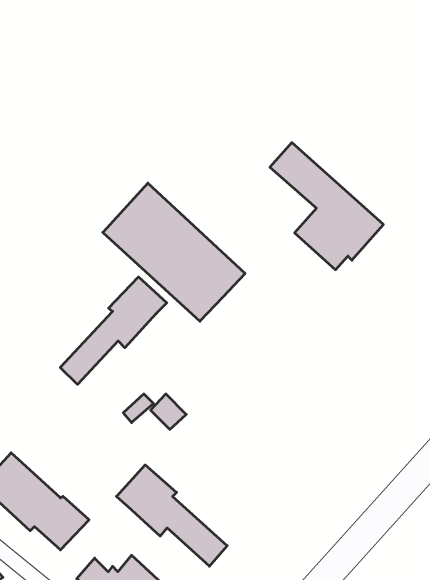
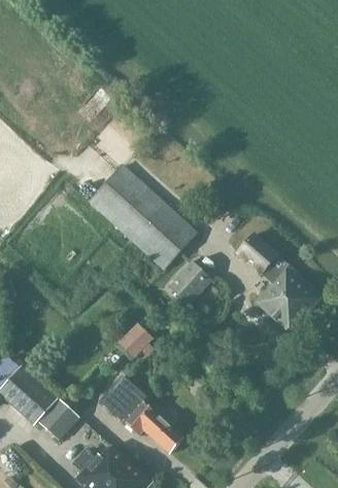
building: [270,143,383,270] -> [237,234,323,329]
building: [60,277,167,384] -> none
building: none -> [169,263,211,305]

